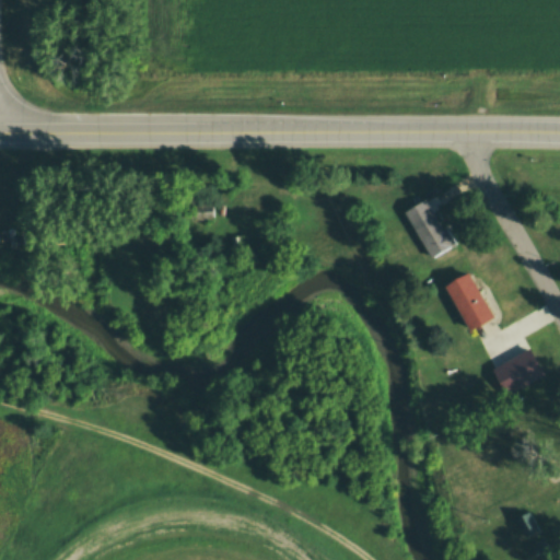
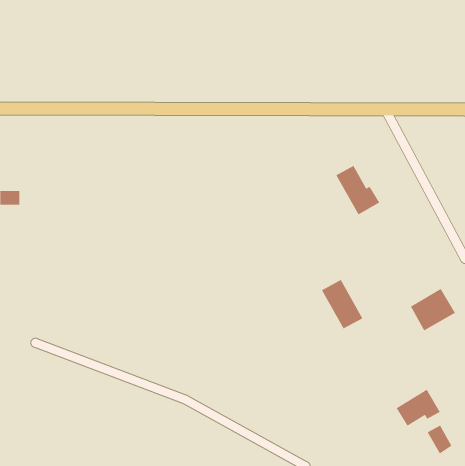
building: [444,270,494,330] -> [321,279,363,329]
building: none -> [396,389,440,427]

